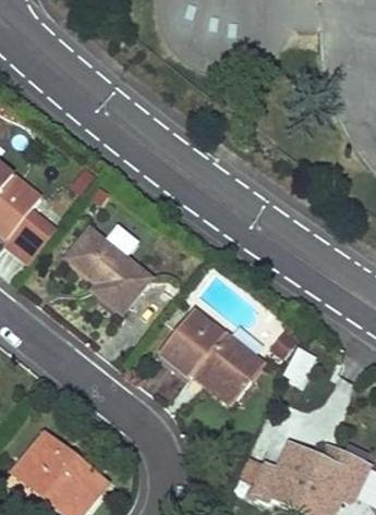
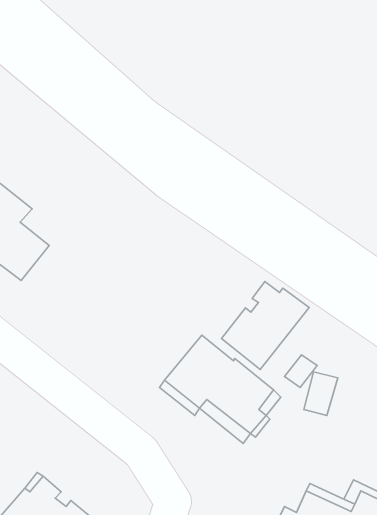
building: [69,230,149,310] -> none
building: none -> [221,281,309,369]

